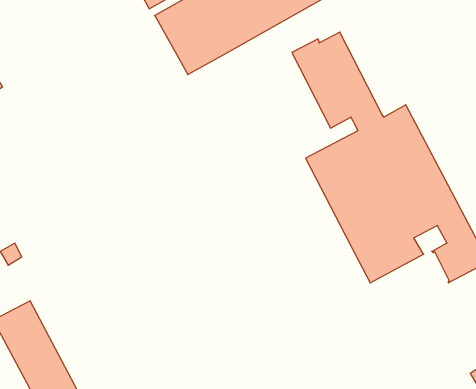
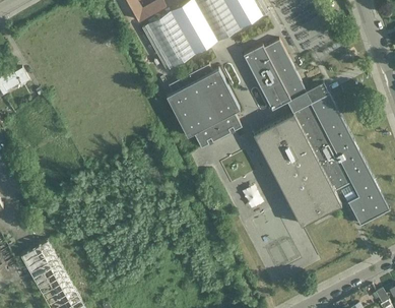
building: none -> [167,65,242,149]

